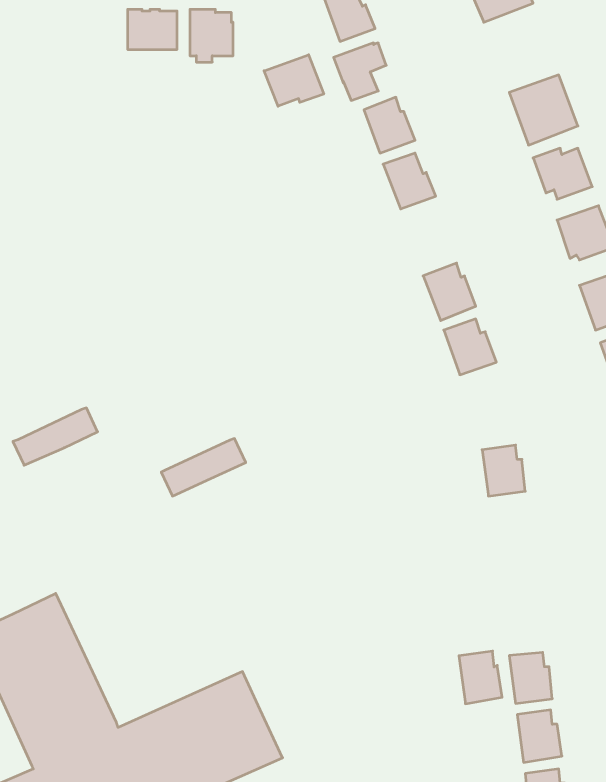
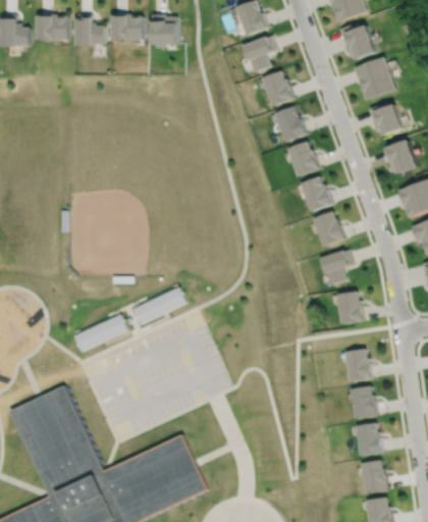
building: none -> [35,13,66,39]
building: none -> [73,13,103,44]
building: none -> [340,21,379,58]
building: [264,55,324,106] -> none
building: none -> [286,141,319,176]
building: none -> [319,249,353,285]
building: [13,408,98,465] -> [72,315,126,352]
building: none -> [343,350,371,382]
building: [459,651,502,704] -> [349,386,376,420]

